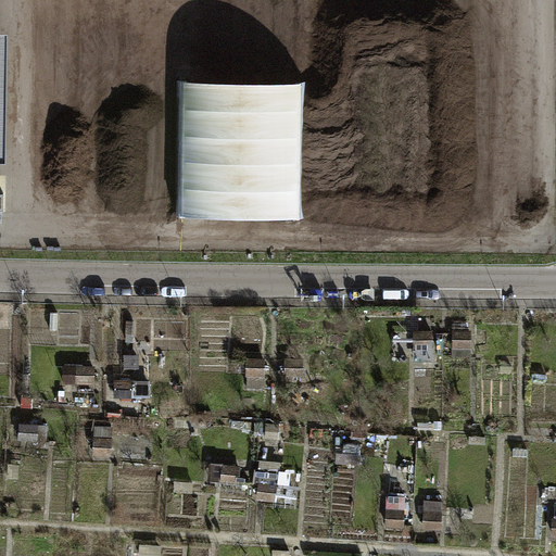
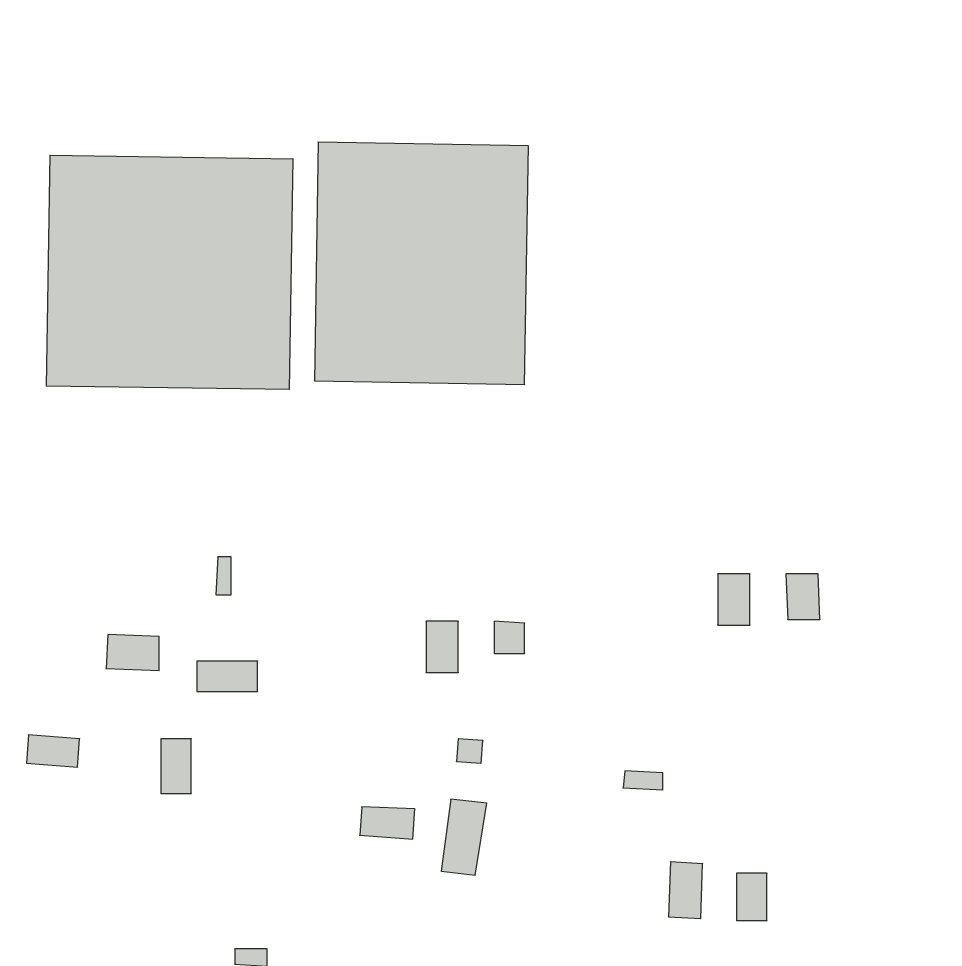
building: none -> [46,155,293,389]

